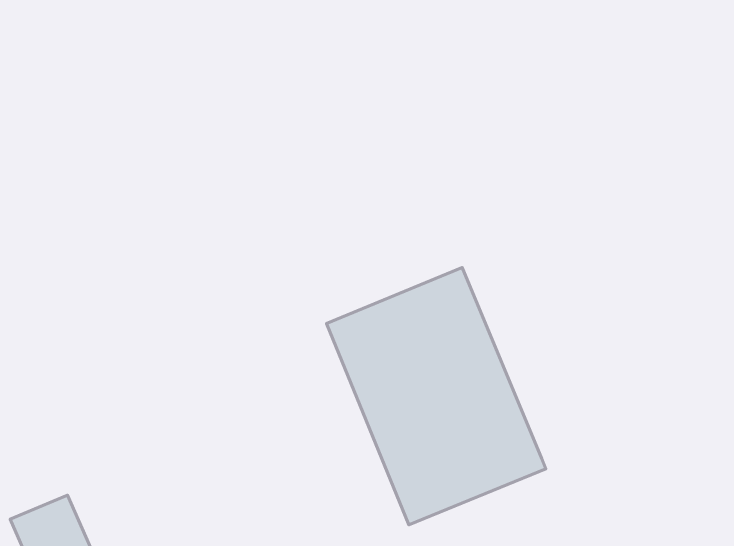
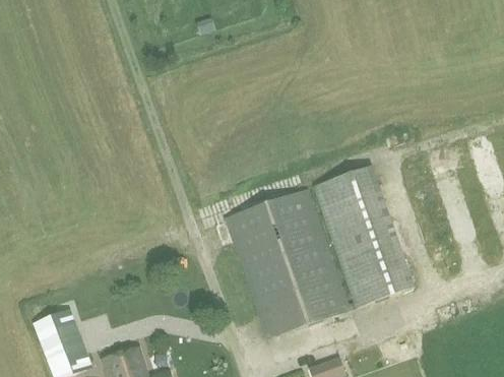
building: none -> [311,167,411,309]

